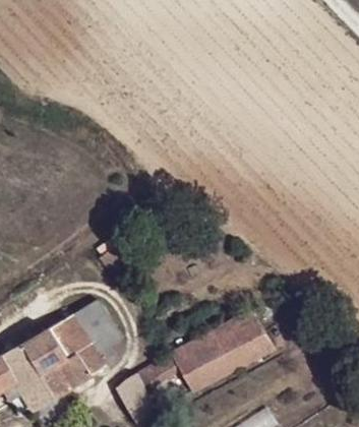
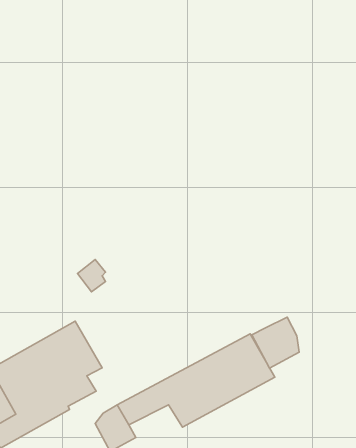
building: none -> [252,317,299,368]

